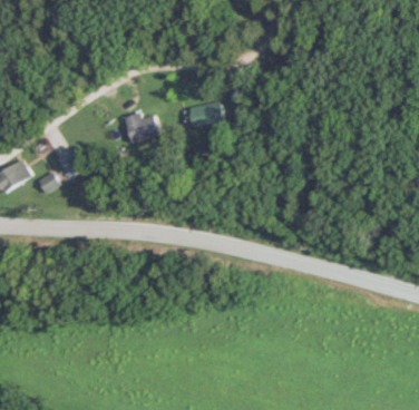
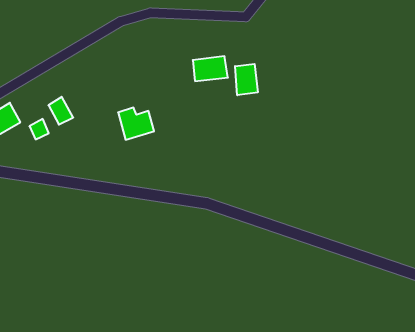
building: none -> [235,64,258,95]
building: [124,111,159,143] -> [118,108,154,140]

